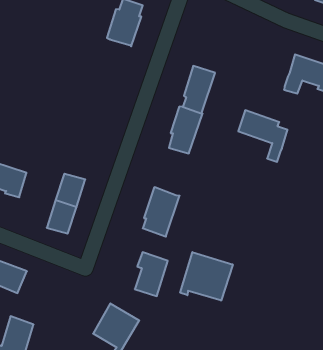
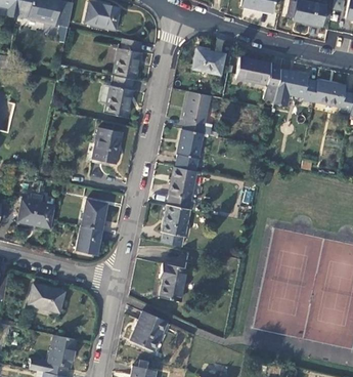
building: none -> [194,47,226,73]
building: none -> [99,75,133,116]
building: none -> [92,126,121,162]
building: [238,110,288,162] -> [237,56,281,99]
building: none -> [170,165,197,208]
building: [180,252,233,301] -> none

